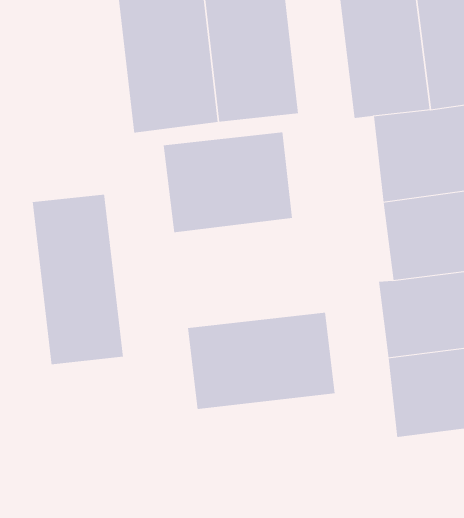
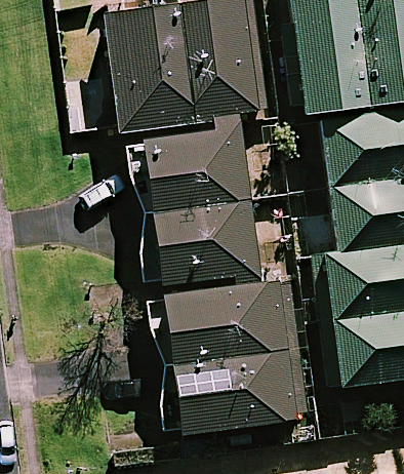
building: [32,194,123,365] -> none
building: none -> [153,201,261,283]
building: none -> [172,349,297,433]

